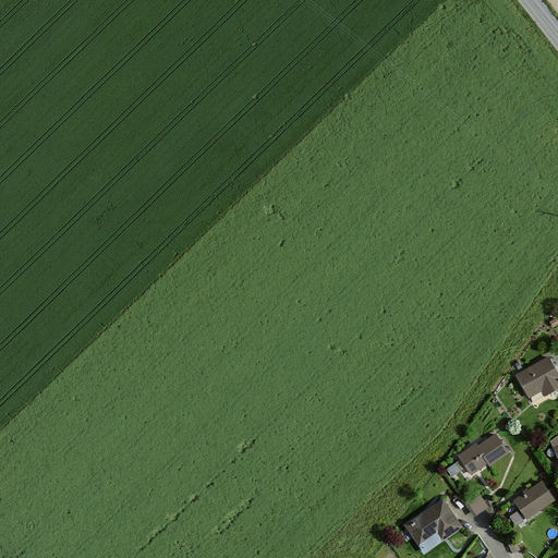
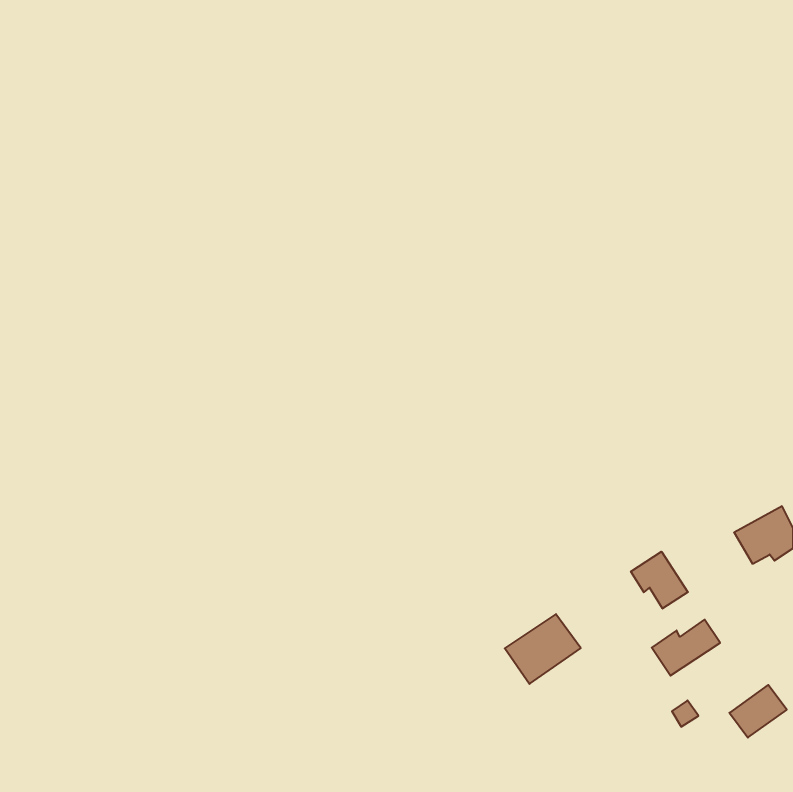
building: none -> [631,552,688,609]
building: [407,500,460,549] -> [505,614,581,684]

